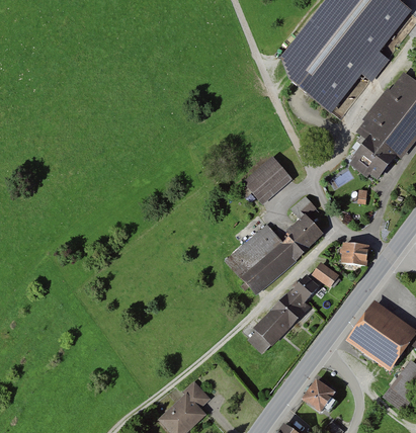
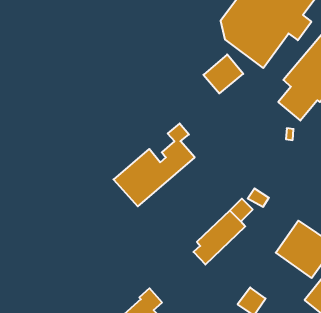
building: [245,158,293,204] -> [203,54,243,93]
building: [227,195,324,294] -> [113,123,195,206]
building: [342,241,371,262] -> none

